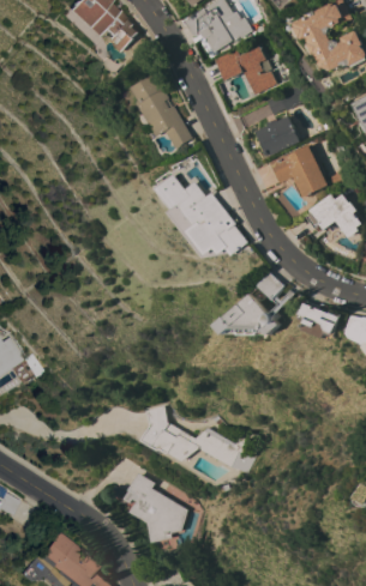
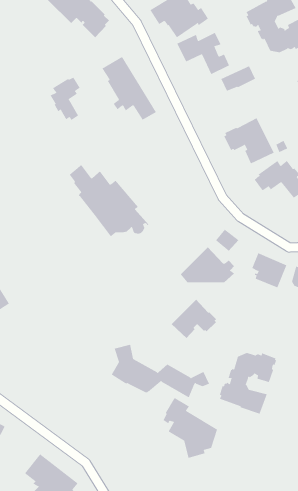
building: none -> [50,77,80,121]
building: [254,115,300,155] -> none
building: [157,176,250,260] -> [69,164,149,237]
building: none -> [171,299,217,339]
building: none -> [219,352,277,415]
building: [122,472,186,543] -> [163,397,218,459]

